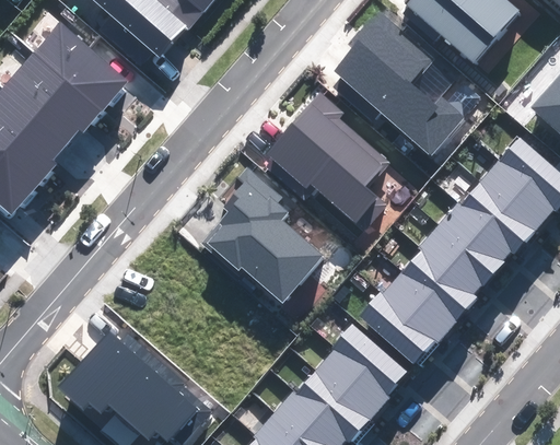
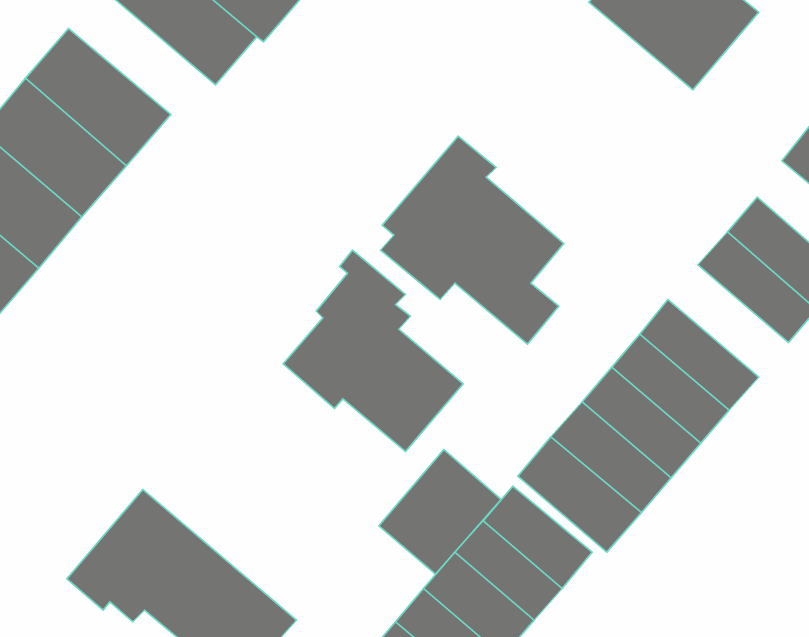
building: [334,12,464,155] -> none
building: [457,177,537,251] -> none
building: none -> [379,450,501,574]

